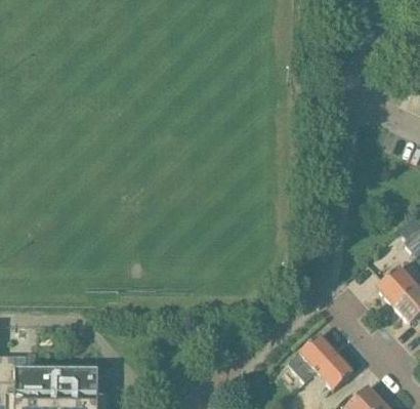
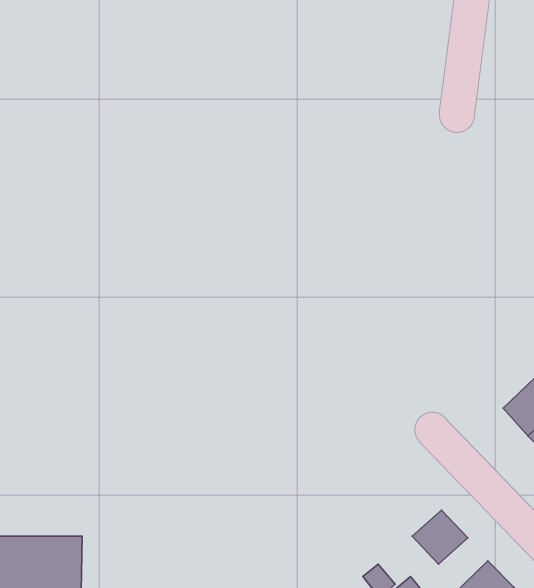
building: [287,335,336,382] -> none

